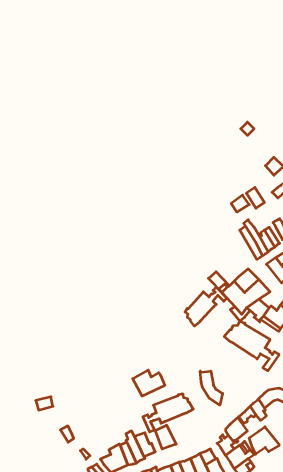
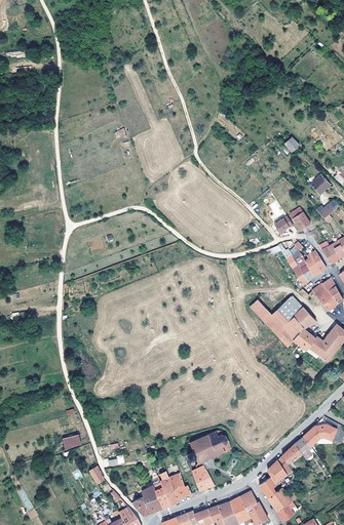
building: [185,287,227,326] -> none
building: [224,321,279,371] -> none
building: [133,370,165,396] -> none
building: [200,371,223,405] -> none
building: [249,427,279,454] -> none

